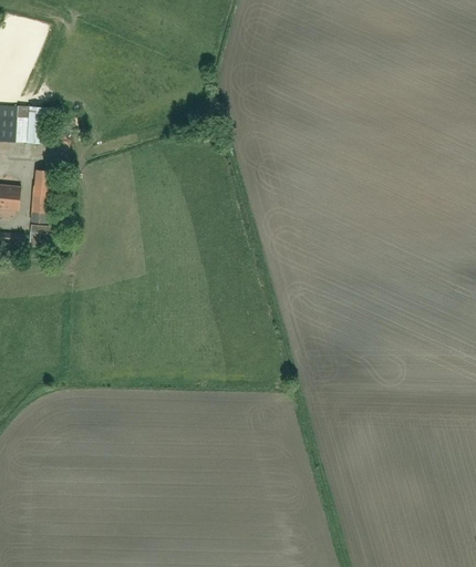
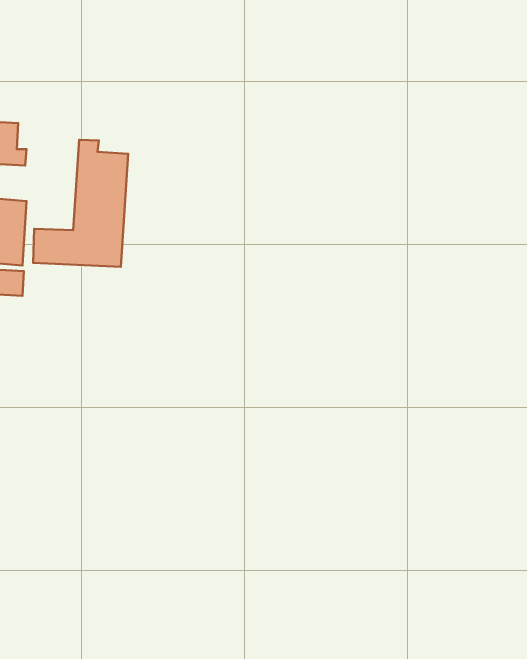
building: none -> [33,140,128,267]

